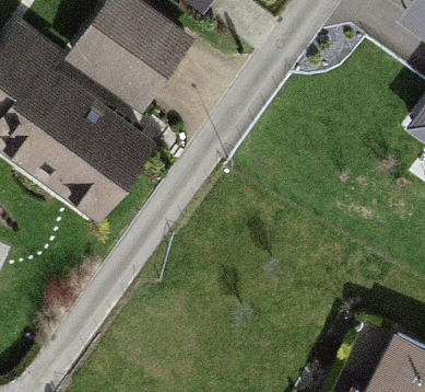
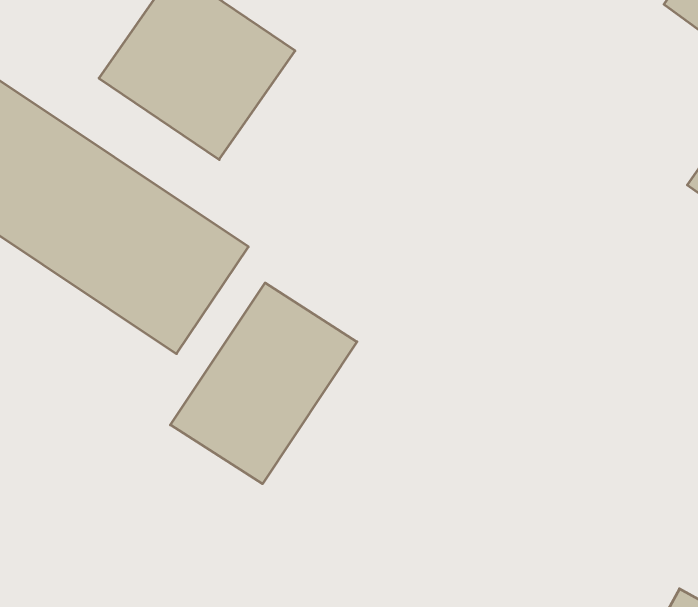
building: none -> [170,283,357,484]

